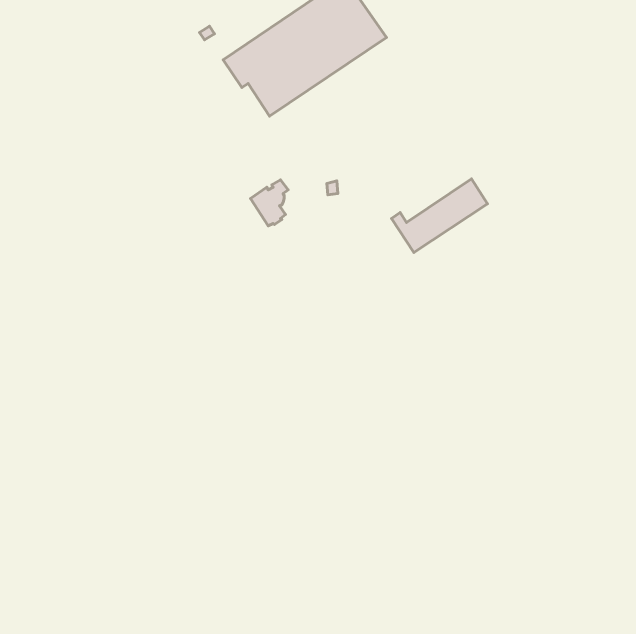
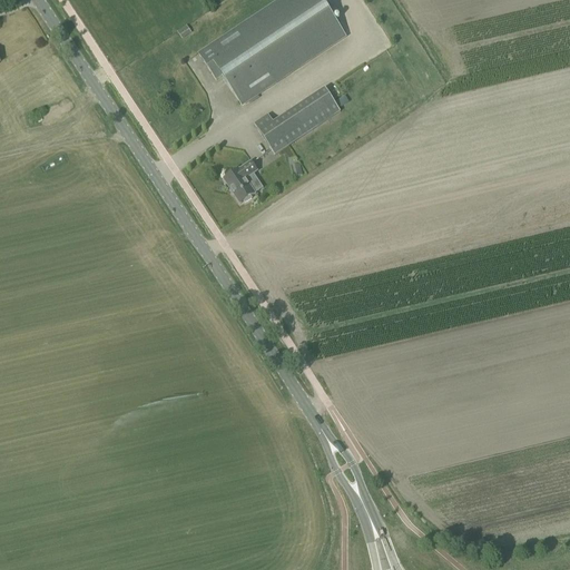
building: [392,179,488,252] -> [255,87,341,153]

